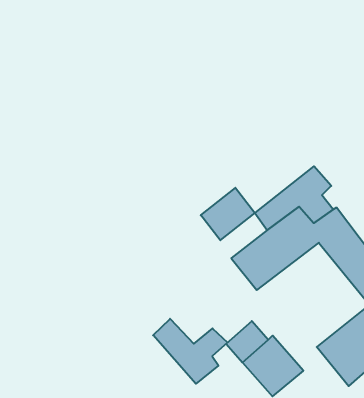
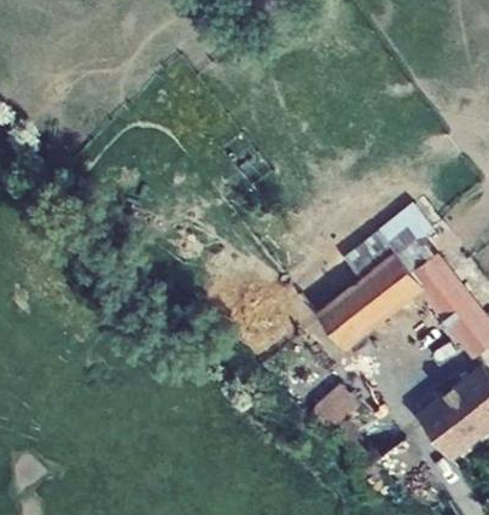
building: [201,188,255,240] -> none
building: [153,319,227,384] -> none

